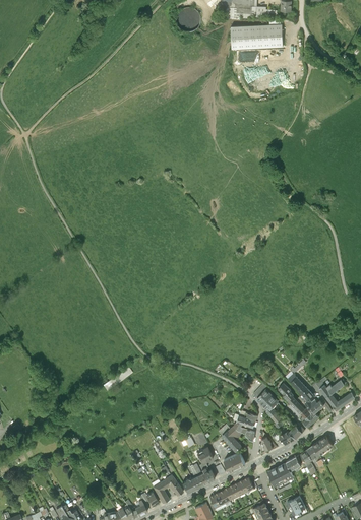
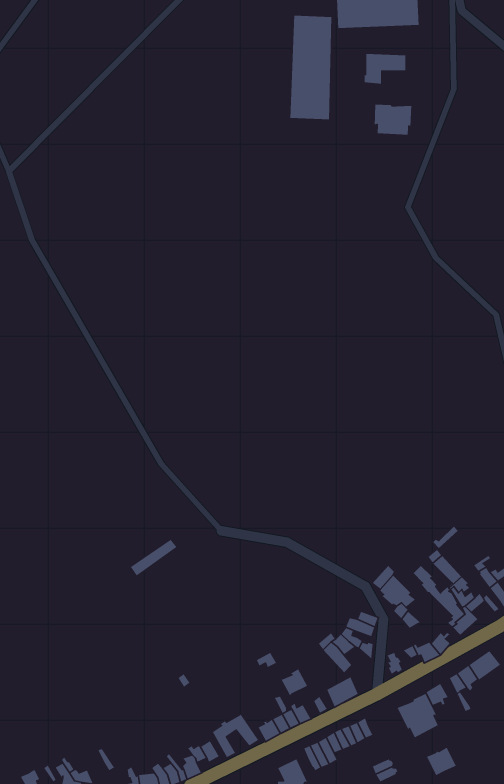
building: none -> [289,15,332,120]
building: none -> [374,104,412,136]

